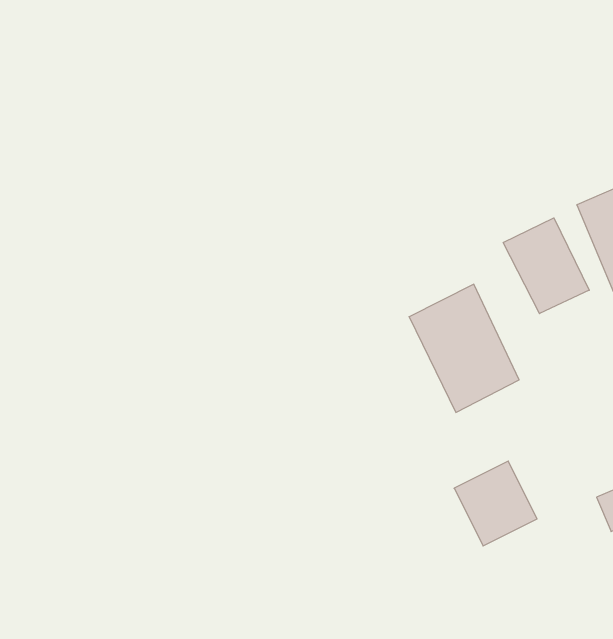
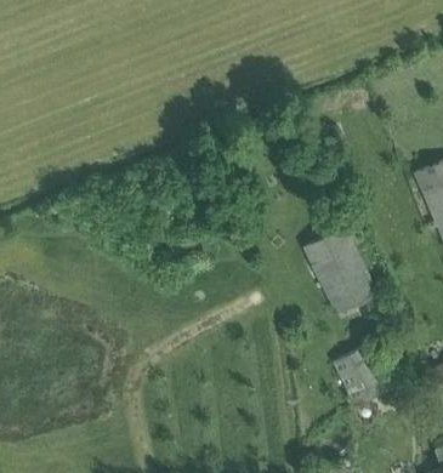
building: [503,218,589,314] -> none

